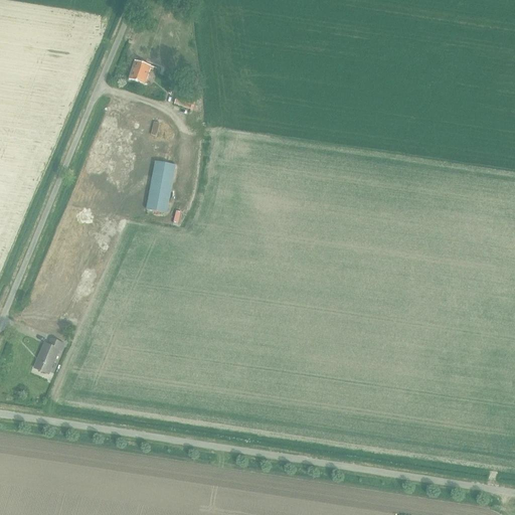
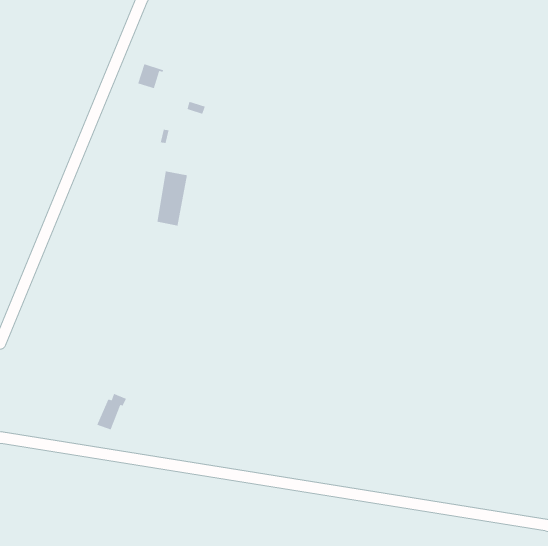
building: [34,337,63,372] -> [96,393,127,431]

